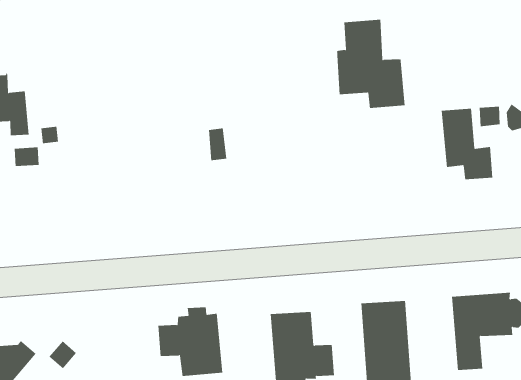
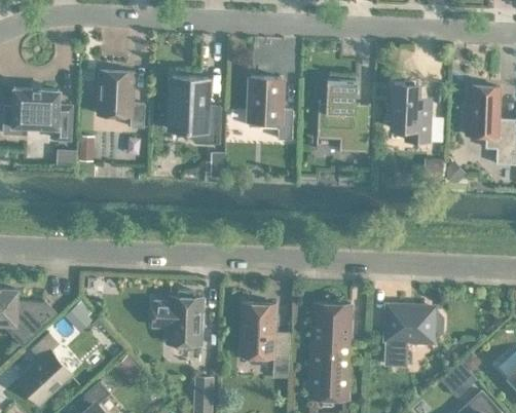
building: none -> [247,77,292,140]
building: none -> [170,77,220,145]
building: none -> [98,71,144,128]
building: [441,108,493,180] -> [392,84,429,142]

